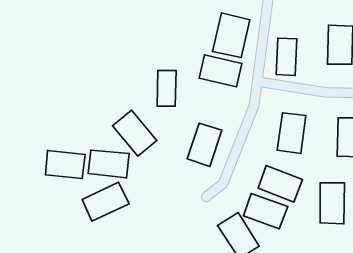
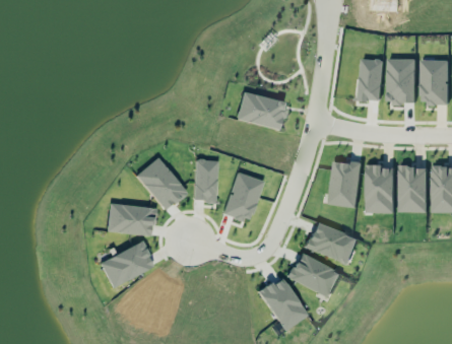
building: [213,13,250,58] -> none
building: [276,38,297,75] -> [358,58,382,101]
building: [157,71,176,106] -> [193,160,215,202]
building: [46,150,85,179] -> none
building: [320,183,345,224] -> [366,165,394,213]

